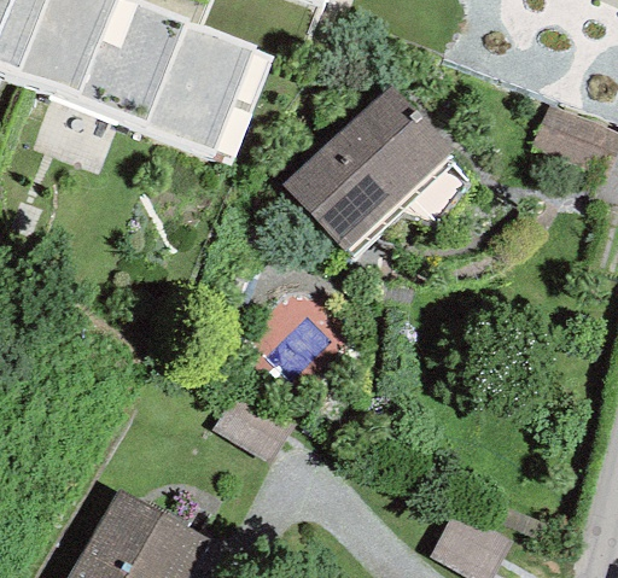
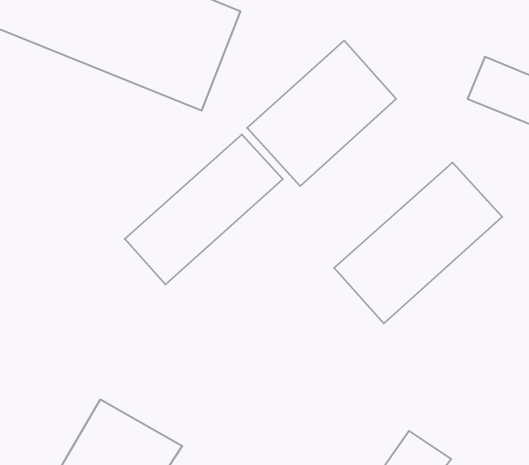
building: none -> [125,134,283,285]
building: none -> [334,162,502,323]

